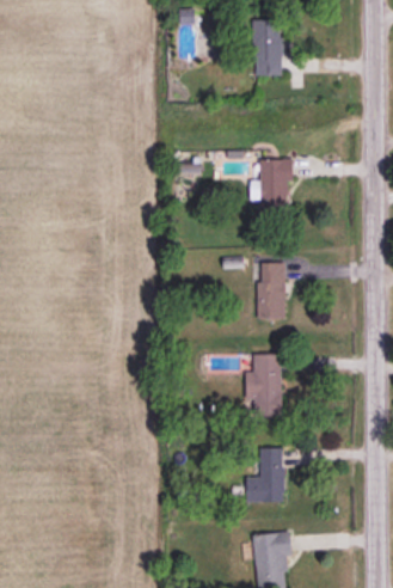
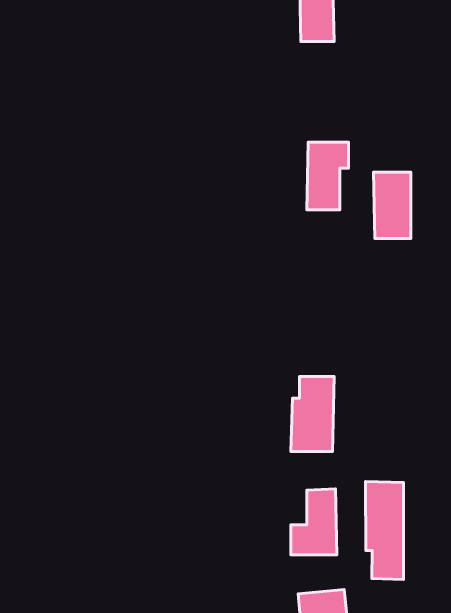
building: [254,263,285,318] -> [373,172,411,238]
building: none -> [365,481,403,579]

